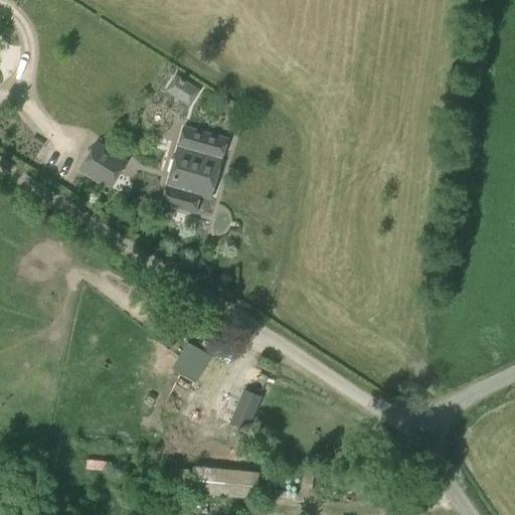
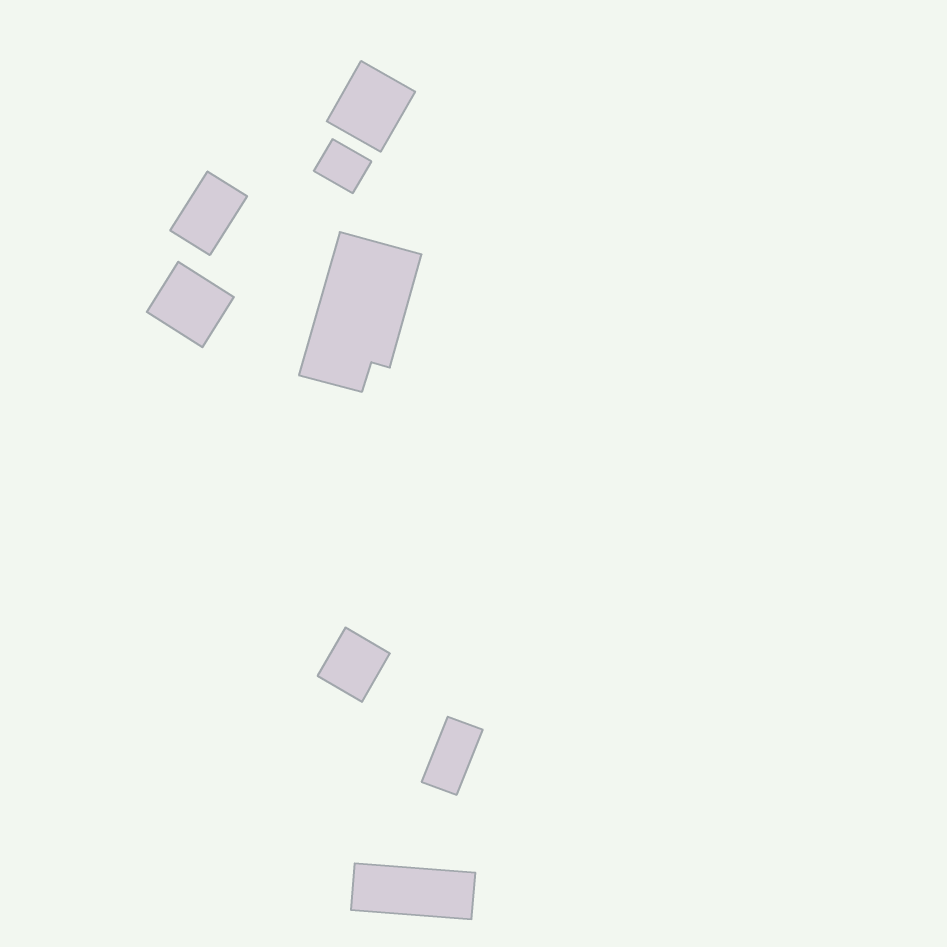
building: none -> [327,61,415,152]
building: none -> [170,171,247,255]

